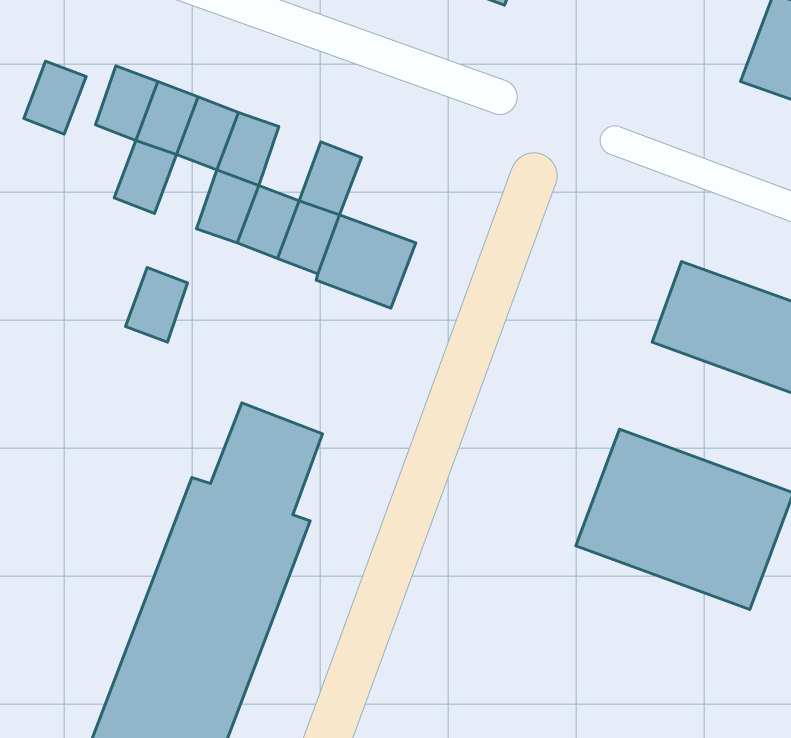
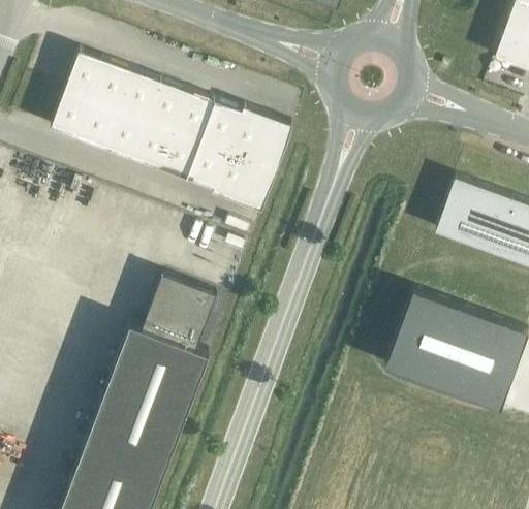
building: [24,61,86,134] -> [51,90,92,138]
building: none -> [174,91,215,140]
building: none -> [227,107,293,168]
building: [125,267,188,342] -> [104,109,146,159]

